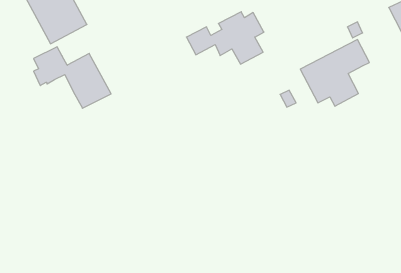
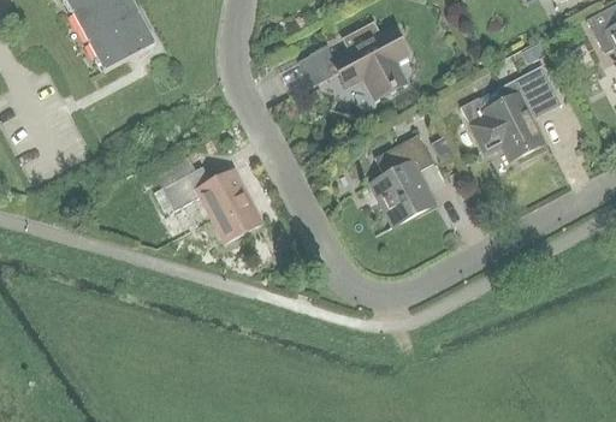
building: [34,47,111,108] -> [155,156,266,244]
building: none -> [371,133,434,225]

